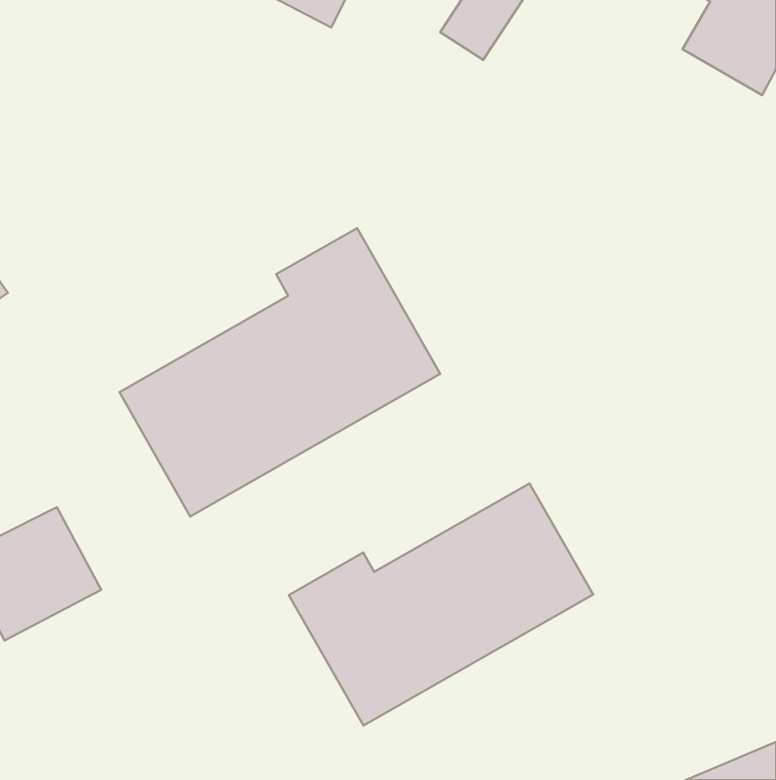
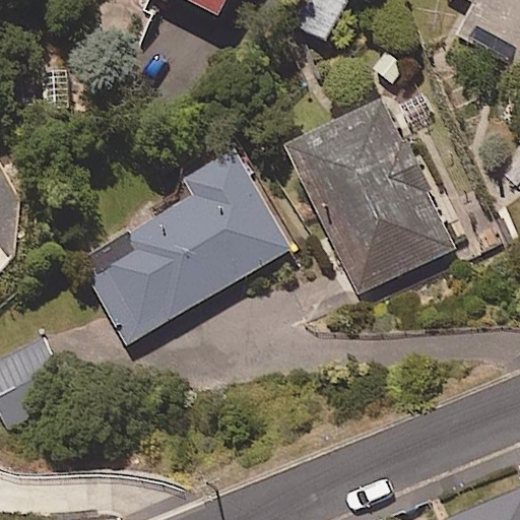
building: none -> [291,105,452,291]
building: [289,484,593,726] -> none

